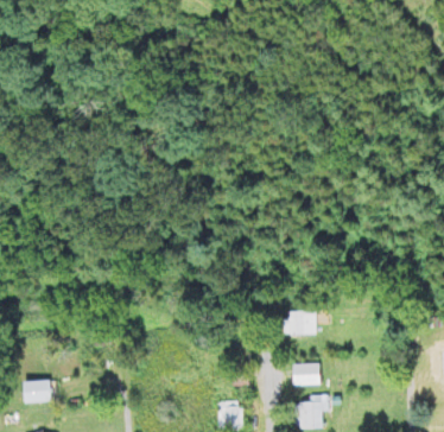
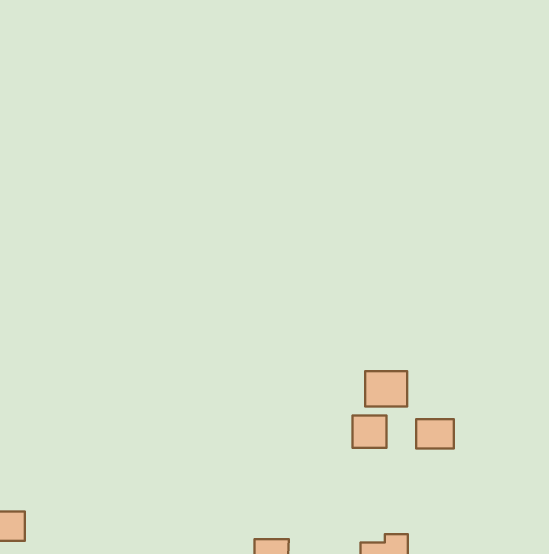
building: none -> [365,371,407,407]
building: [292,363,319,385] -> [416,419,454,448]

